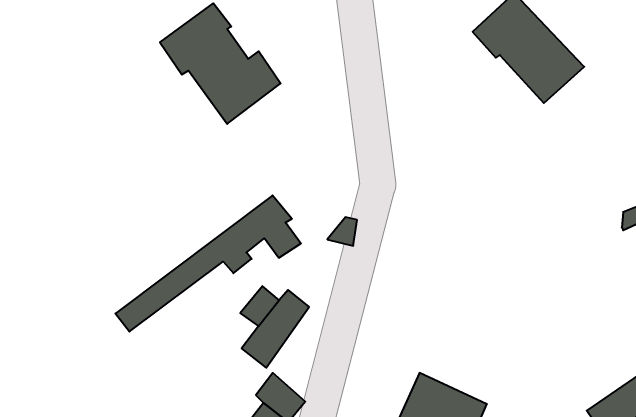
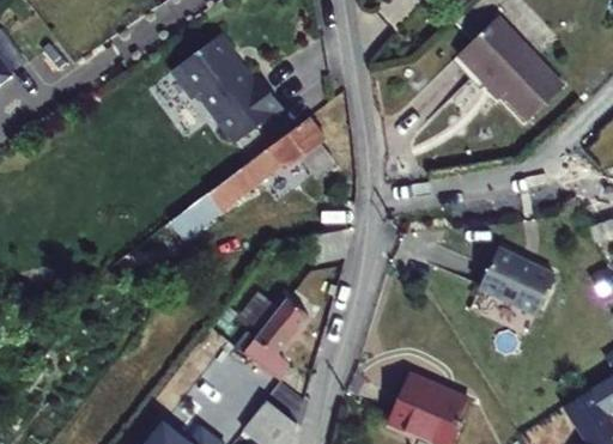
building: [115,195,301,332] -> [164,116,335,242]
building: none -> [482,249,558,316]

